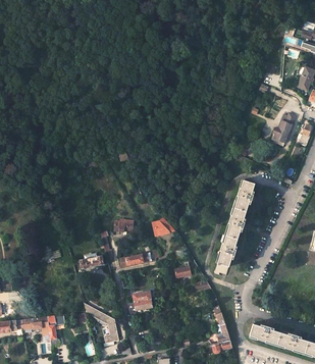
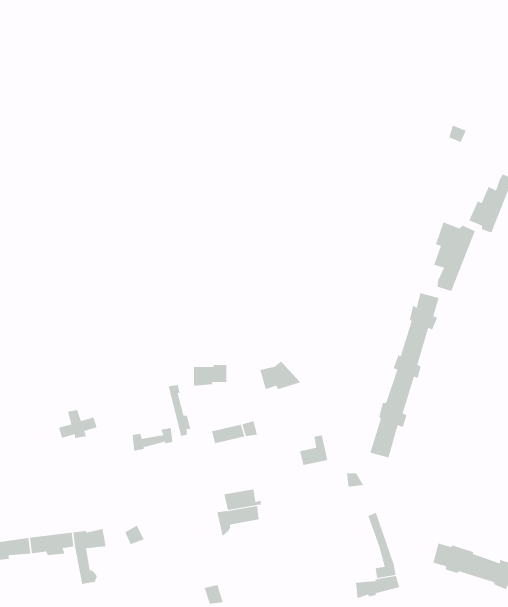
building: none -> [434,222,476,292]
building: [84,303,117,346] -> none

